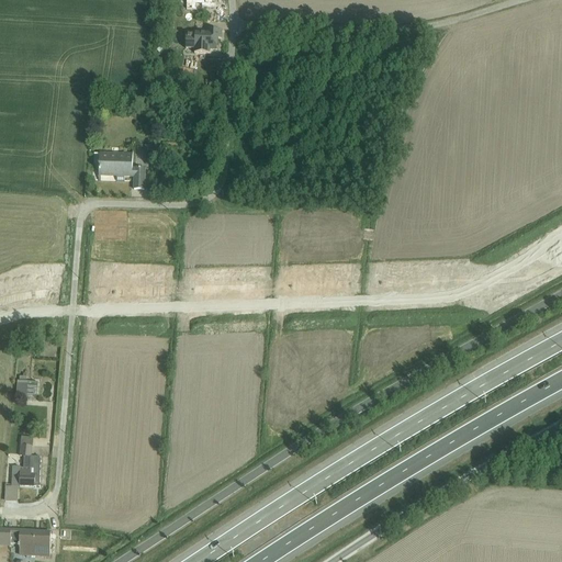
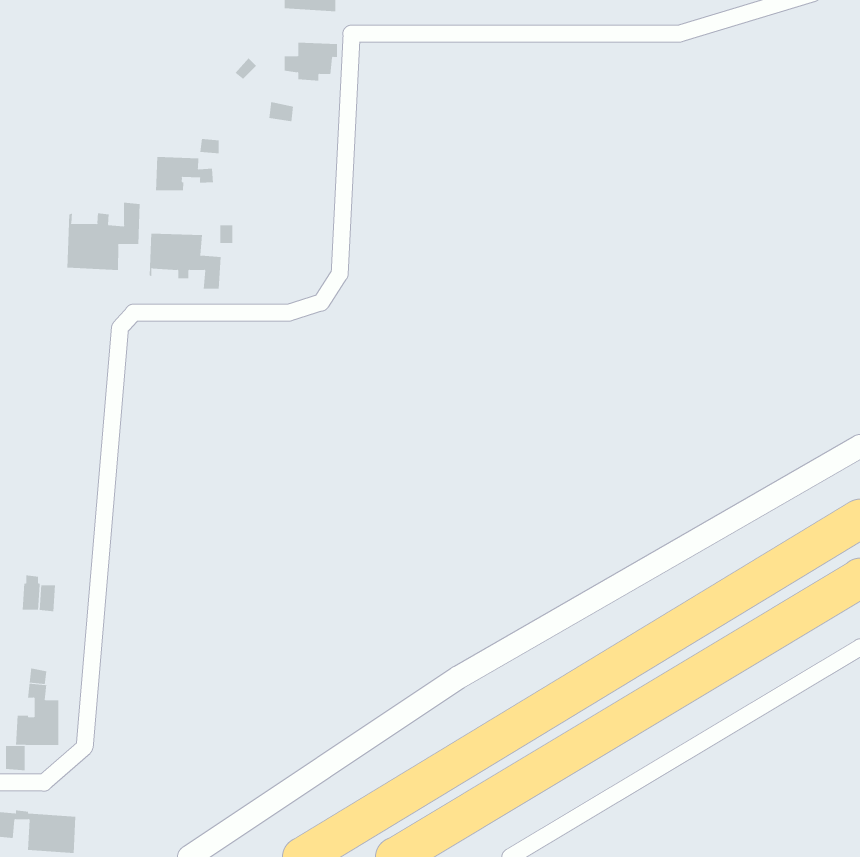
building: none -> [155,156,214,191]
building: none -> [67,202,140,271]

